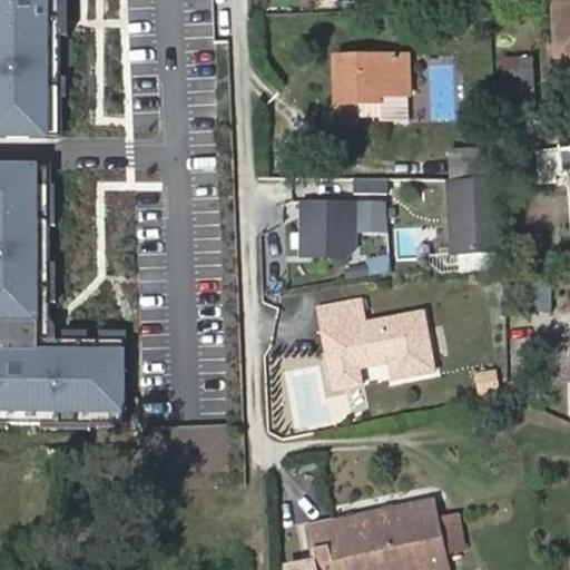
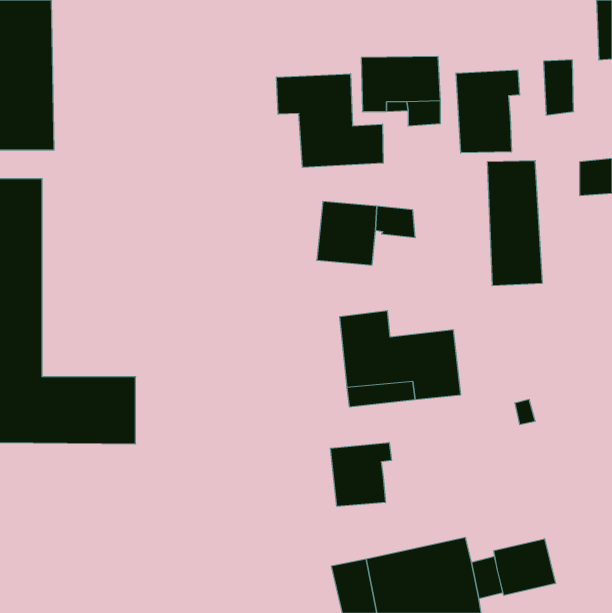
building: none -> [456,70,520,153]
building: none -> [277,74,383,167]
building: none -> [330,442,392,506]
building: none -> [494,539,556,595]

